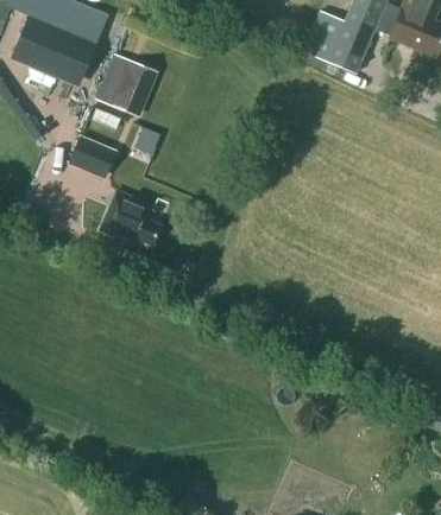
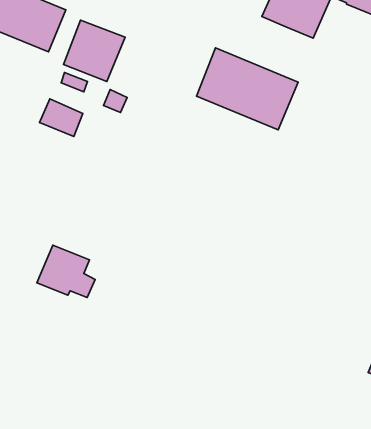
building: none -> [197,48,298,130]
building: [100,190,160,244] -> [37,245,95,298]

